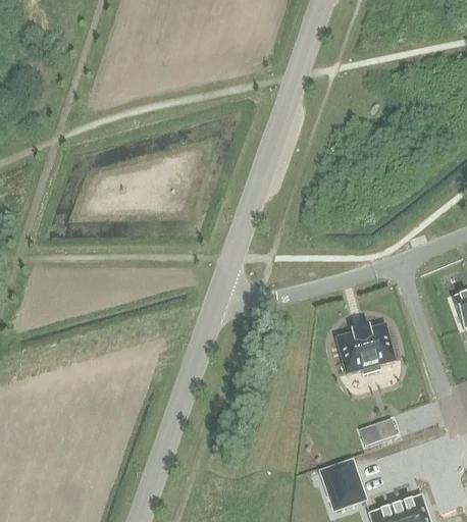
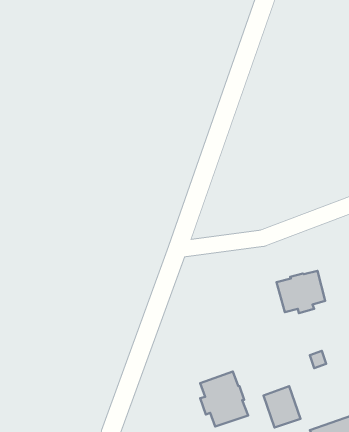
building: none -> [200,371,248,426]

